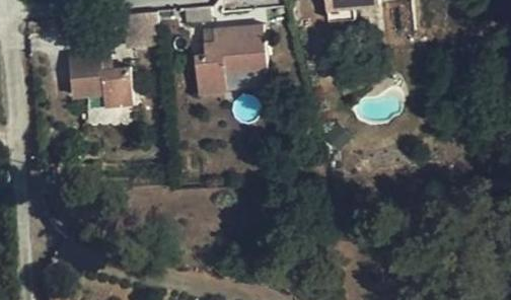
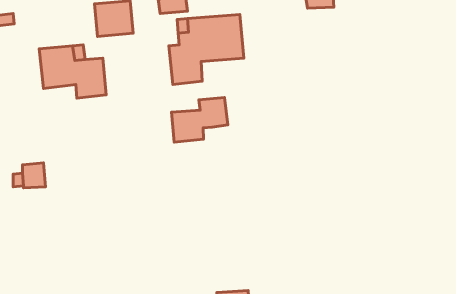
building: none -> [171,97,228,142]

